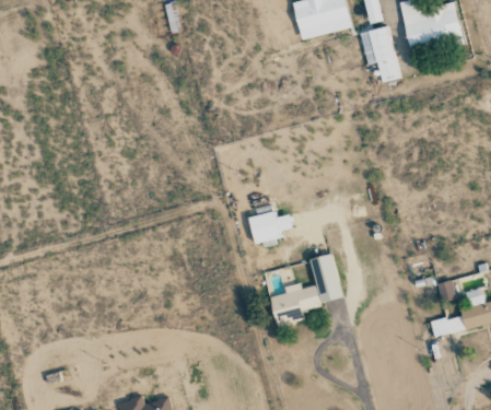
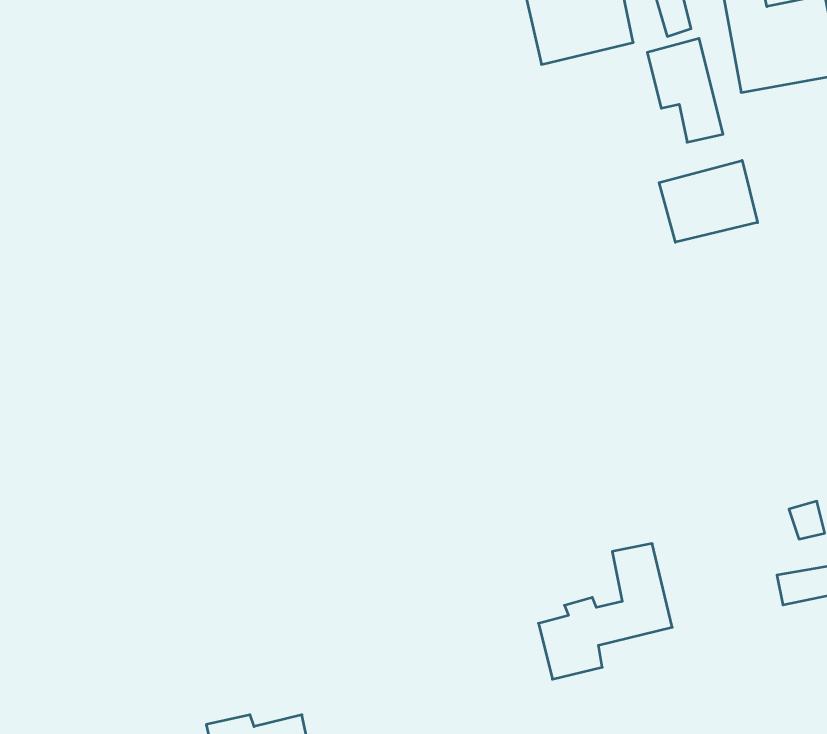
building: none -> [659,160,758,242]
building: [247,210,292,243] -> none
building: [269,253,342,327] -> [538,544,672,679]

